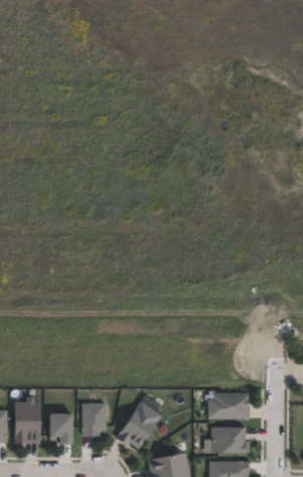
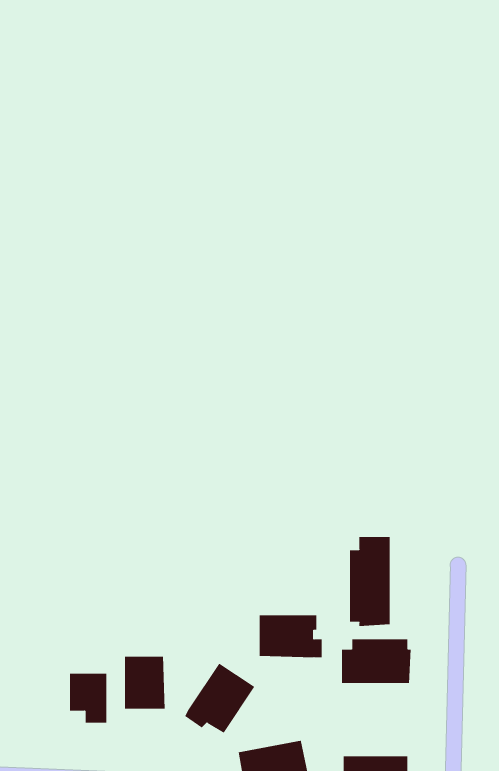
building: none -> [350,536,390,627]
building: [14,396,40,443] -> none
building: [211,427,249,452] -> [259,615,322,658]

